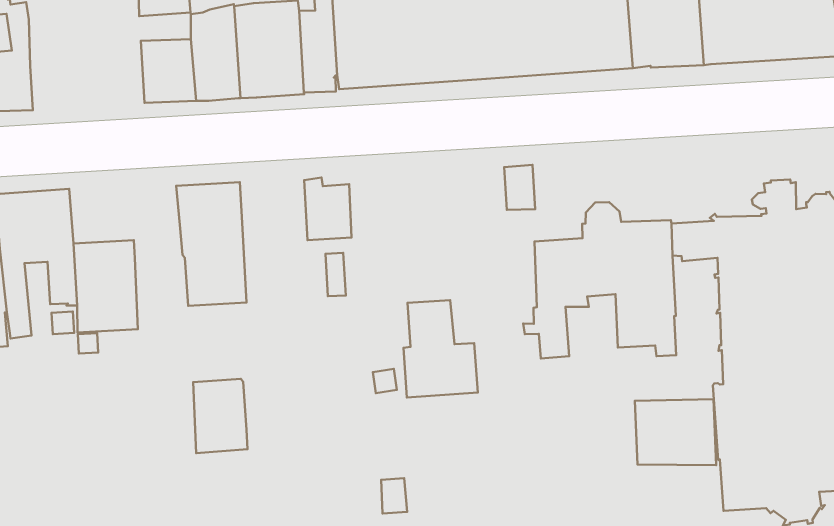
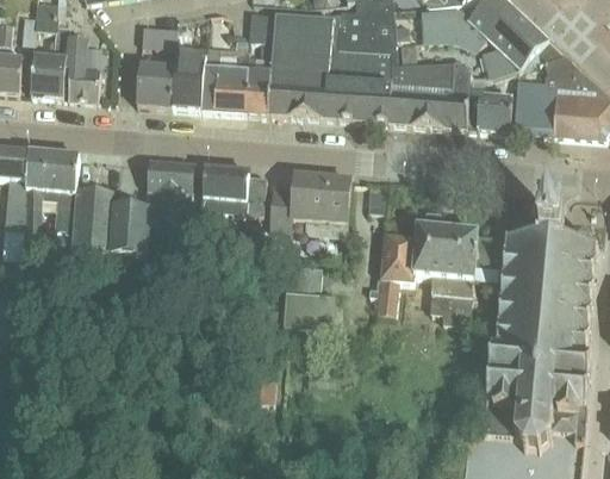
building: none -> [64,36,99,100]
building: none -> [269,173,350,236]
building: none -> [201,166,236,210]
building: [193,379,248,453] -> [111,205,149,255]
building: [635,399,716,465] -> none

